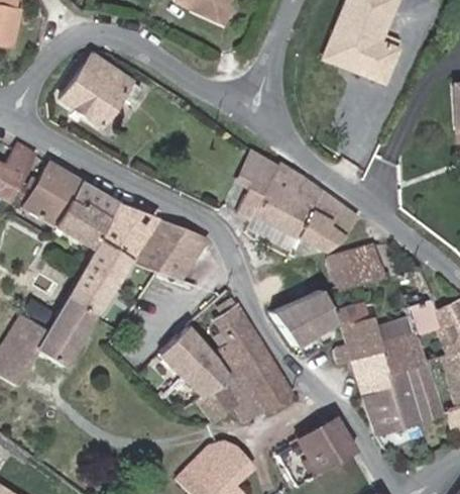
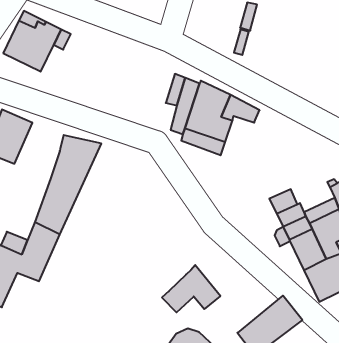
building: [55,182,116,249] -> none
building: [298,206,358,252] -> none
building: [134,218,208,278] -> none
building: [328,244,382,287] -> none
building: [271,290,336,348] -> none
building: [214,299,293,410] -> none
building: [164,324,231,396] -> none

